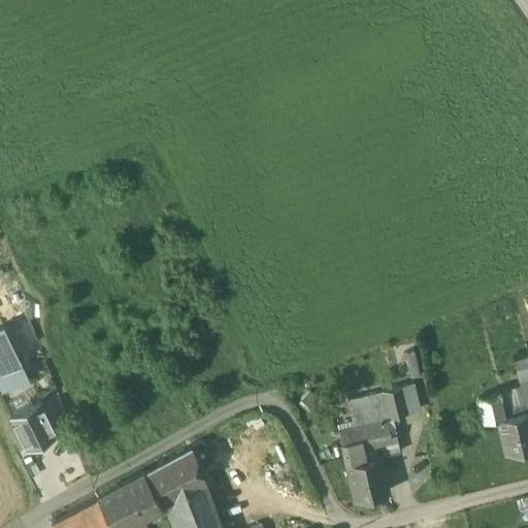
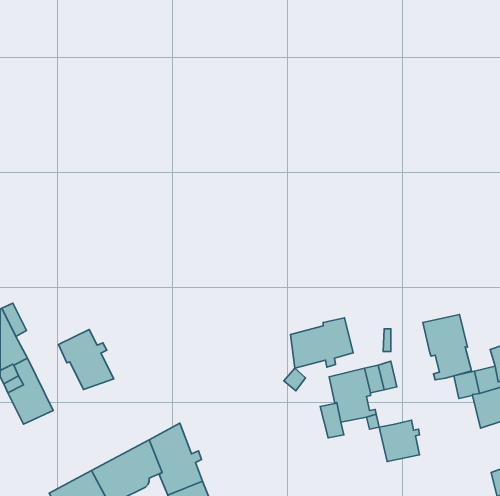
building: none -> [423,314,471,380]
building: none -> [290,318,353,368]
building: none -> [58,330,114,390]
building: [346,459,389,502] -> [379,420,419,462]

